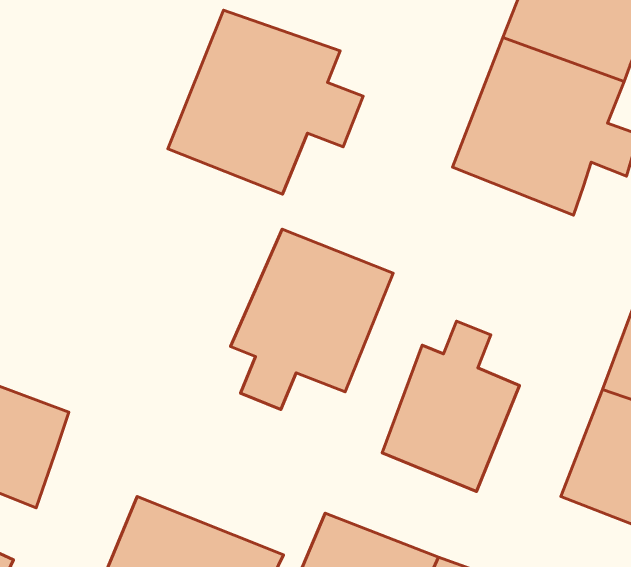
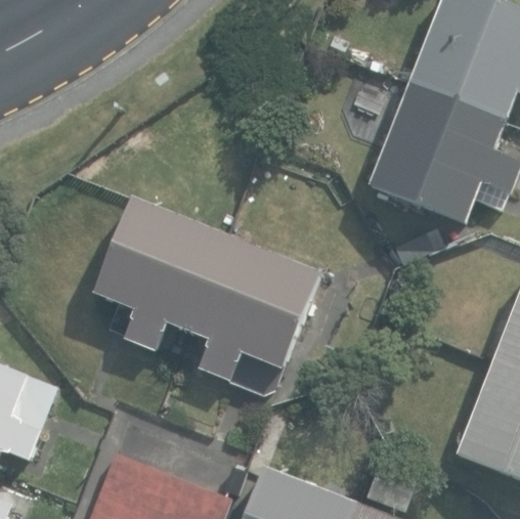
building: [168,10,363,194] -> none
building: none -> [95,198,231,351]
building: [382,321,519,491] -> none

